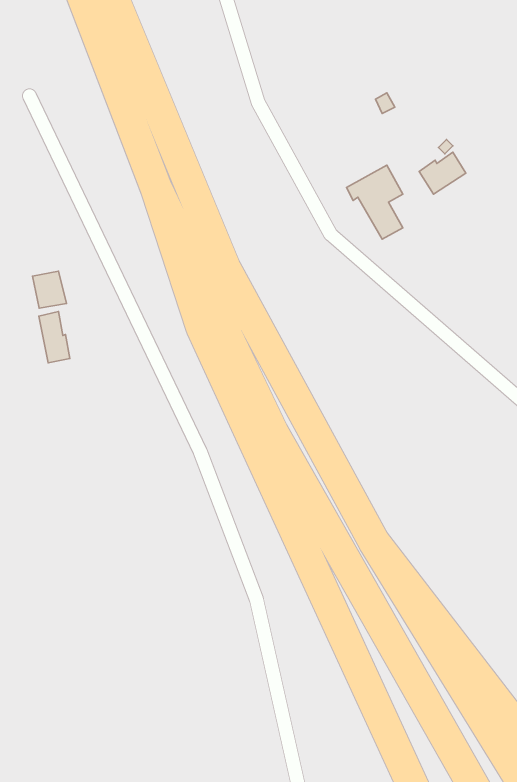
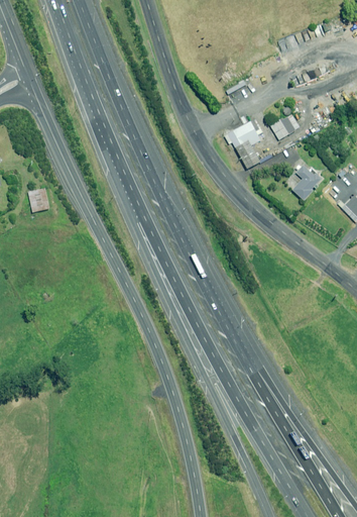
building: none -> [292,163,321,199]
building: [39,312,70,363] -> none

